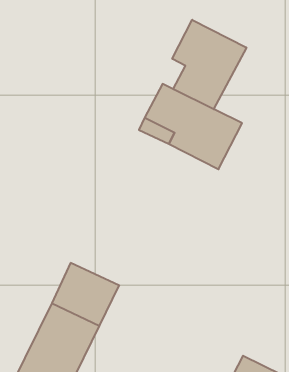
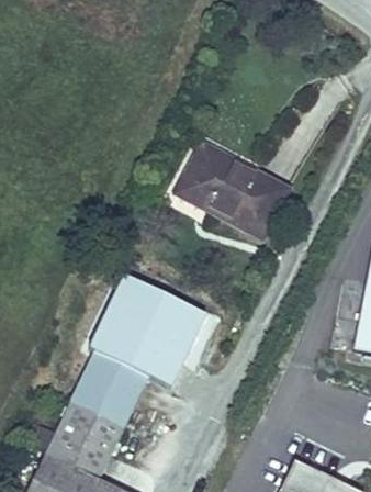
building: [172,20,246,109] -> none
building: none -> [89,275,205,387]

